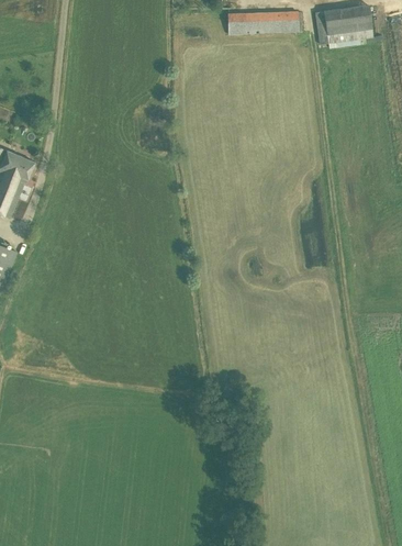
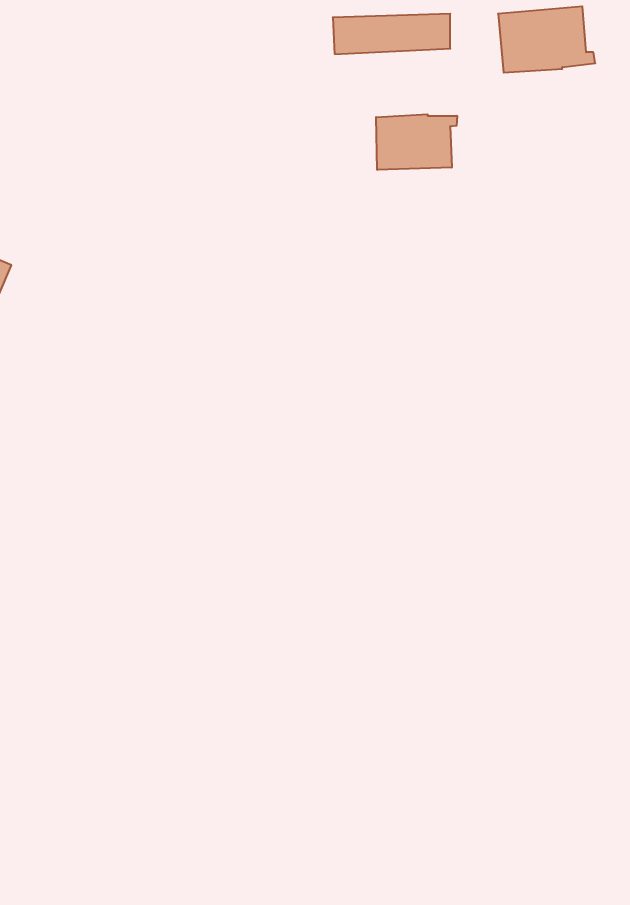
building: none -> [376,114,457,170]

